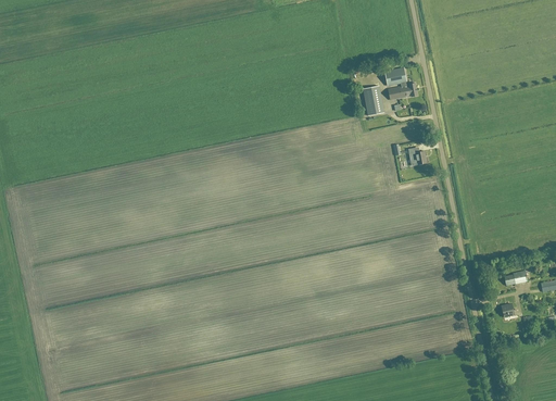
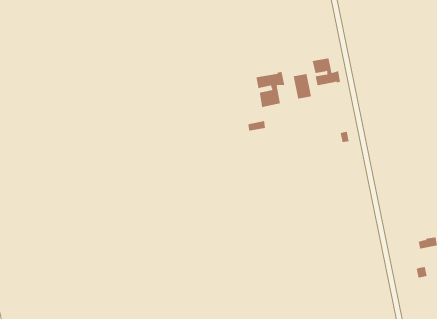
building: none -> [256,71,285,108]

